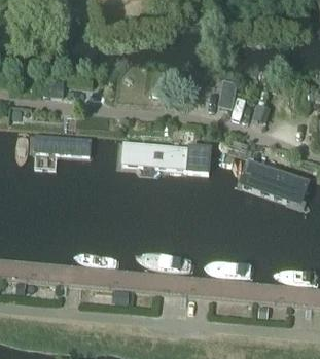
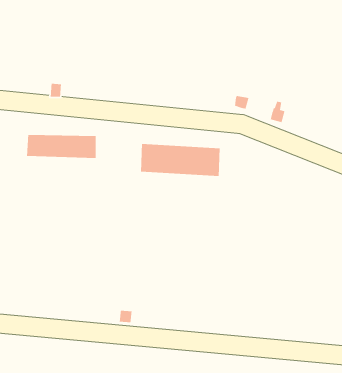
building: [227,153,307,203] -> none

